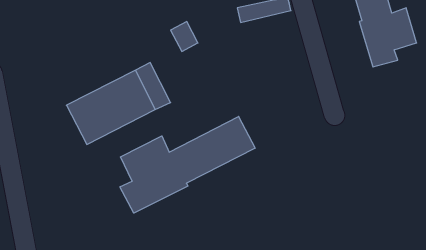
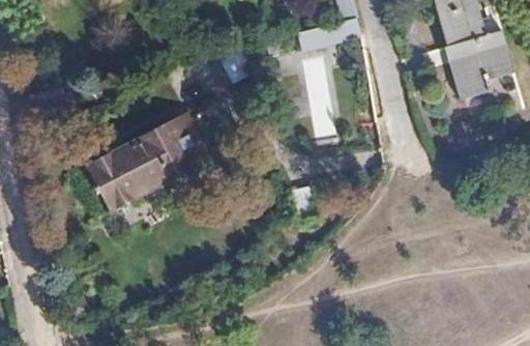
building: none -> [301,59,337,140]
building: [120,116,255,213] -> none

